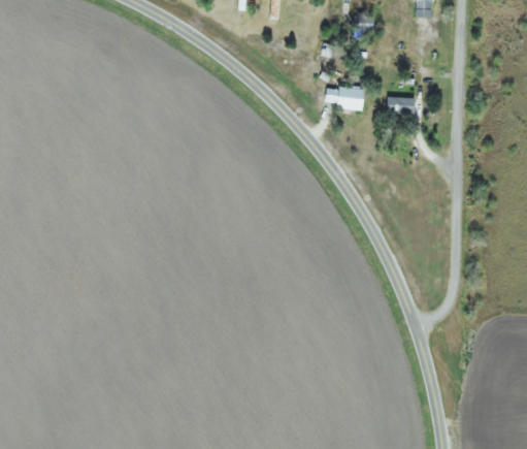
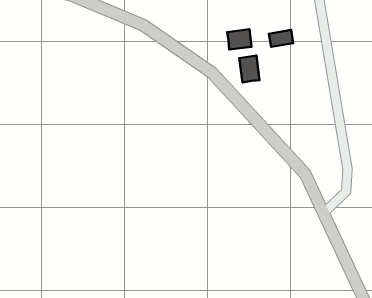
building: none -> [239,56,260,83]

